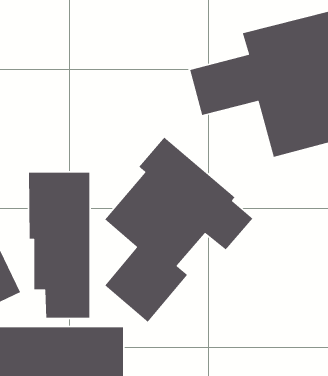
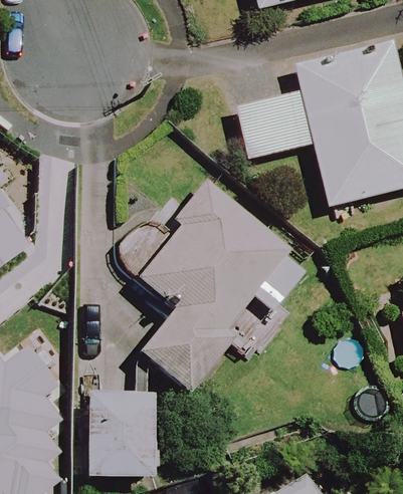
building: [28,172,90,318] -> none

